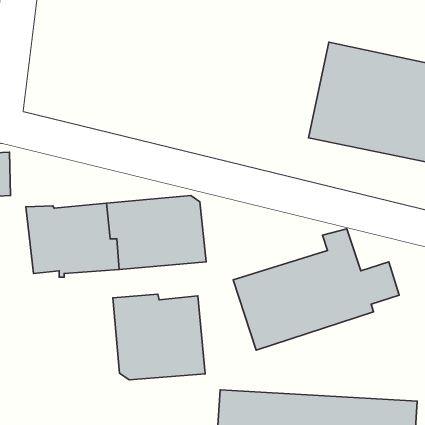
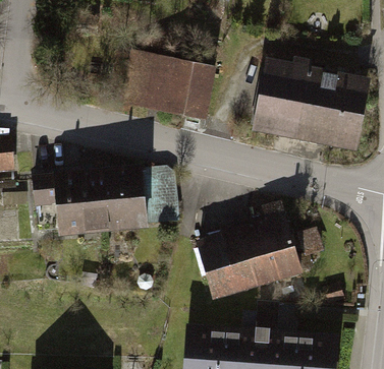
building: none -> [124,50,221,119]
building: [113,294,205,380] -> none

